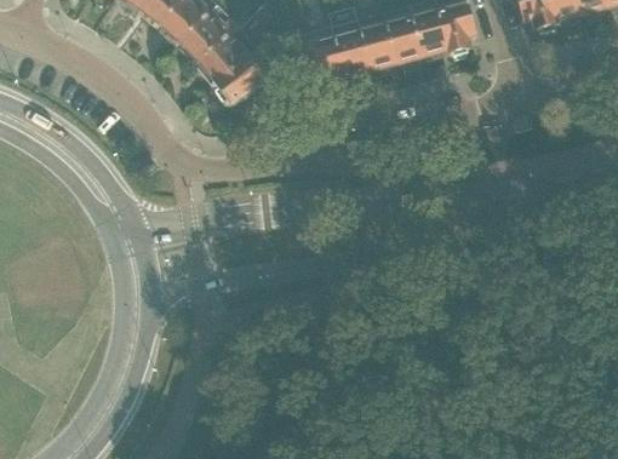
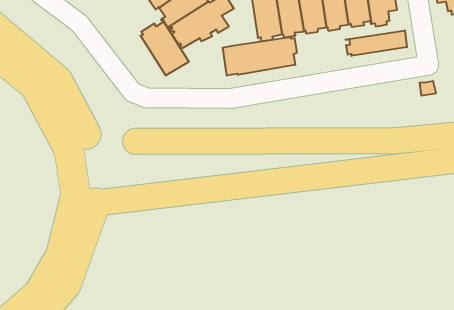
building: none -> [346,30,407,56]
building: none -> [140,19,189,76]
building: none -> [223,37,297,76]

